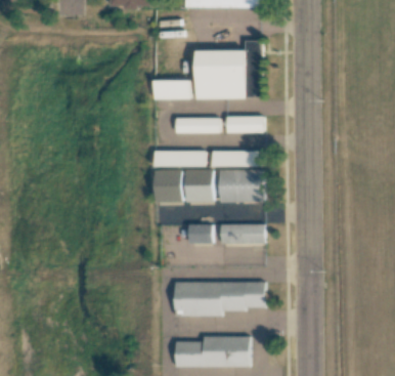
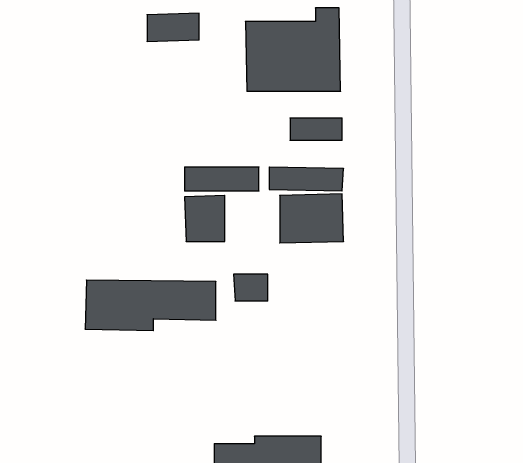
building: [155,80,190,99] -> [147,13,199,41]
building: [177,118,220,133] -> none
building: [186,169,214,202] -> none
building: [220,223,264,243] -> none
building: [174,282,264,317] -> [85,280,216,331]

